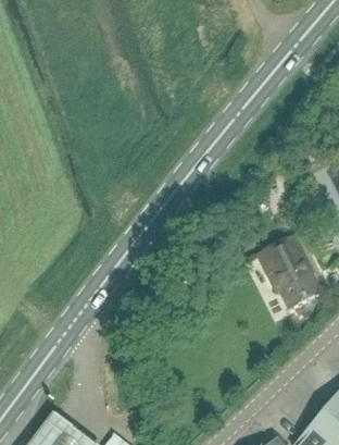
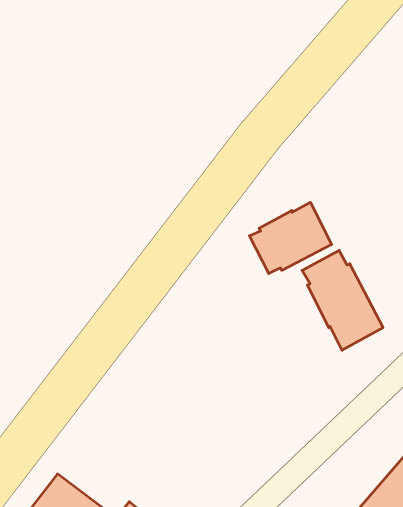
building: none -> [249,202,332,274]

